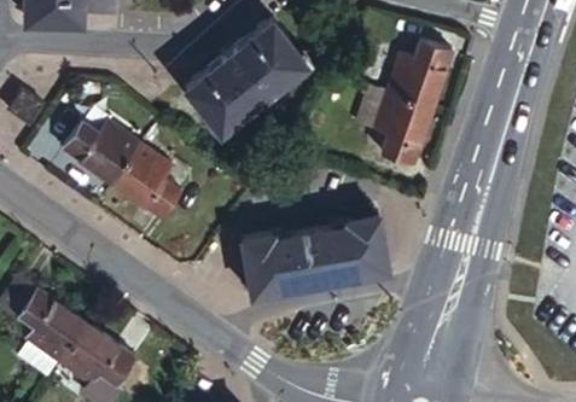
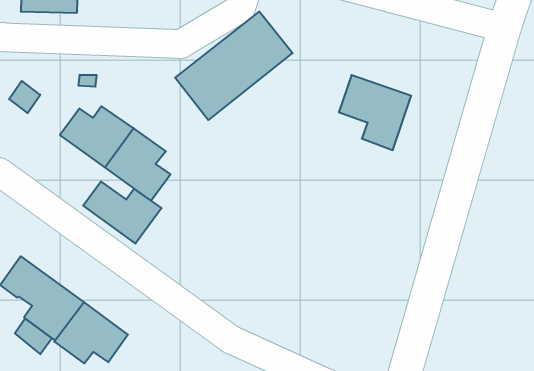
building: [371,42,454,109] -> none
building: none -> [83,181,162,244]
building: [246,216,394,297] -> none

